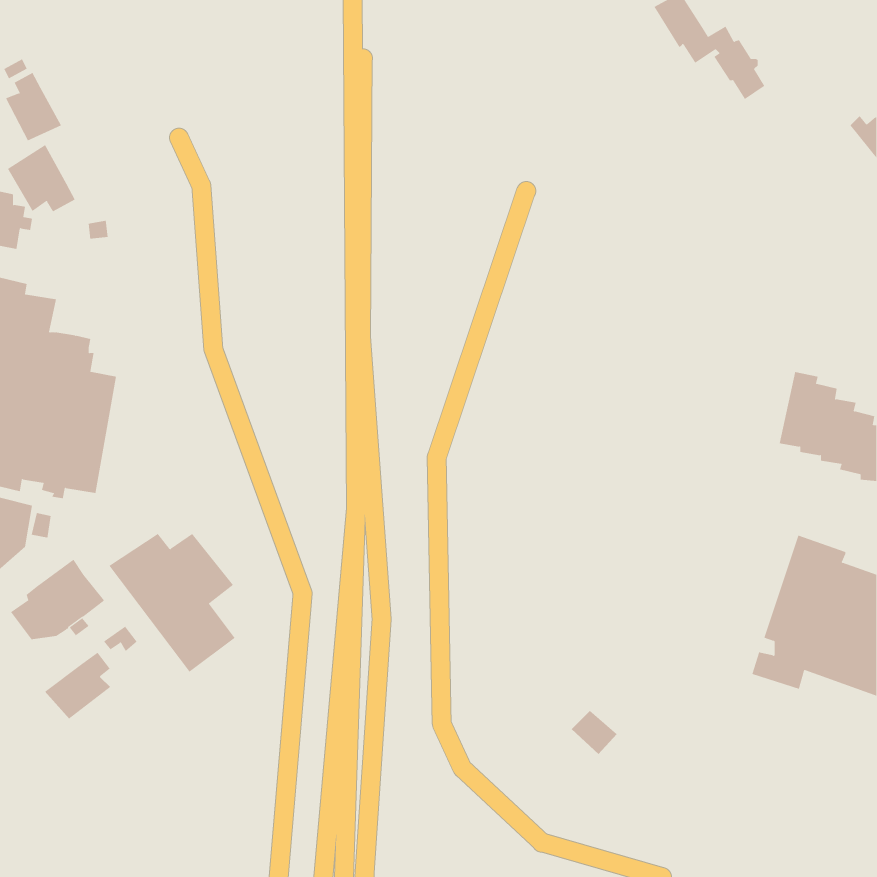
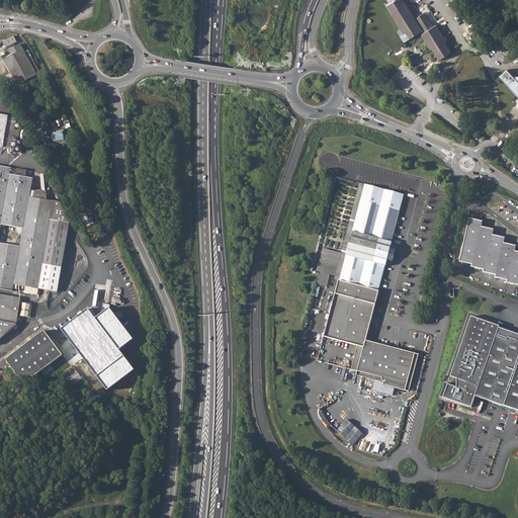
building: [7,144,75,212] -> none
building: none -> [323,183,414,390]
building: [44,652,111,720] -> none

